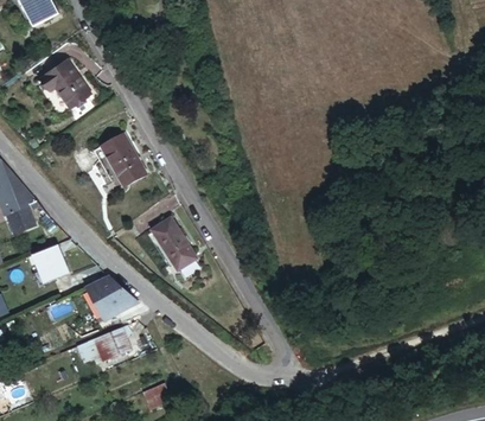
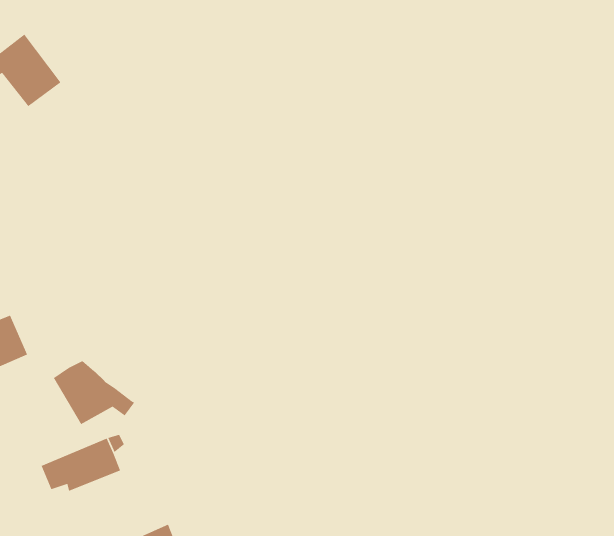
building: [89,128,141,180] -> none
building: [149,216,193,267] -> none

